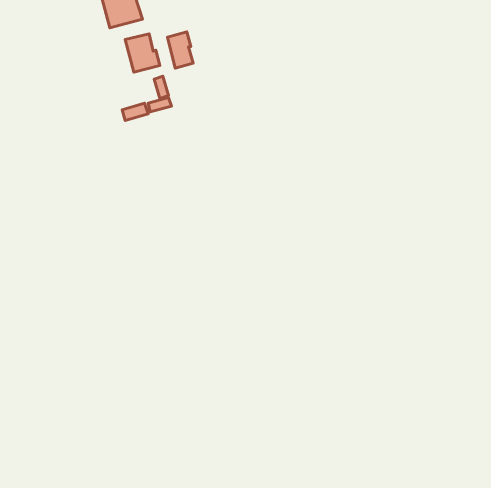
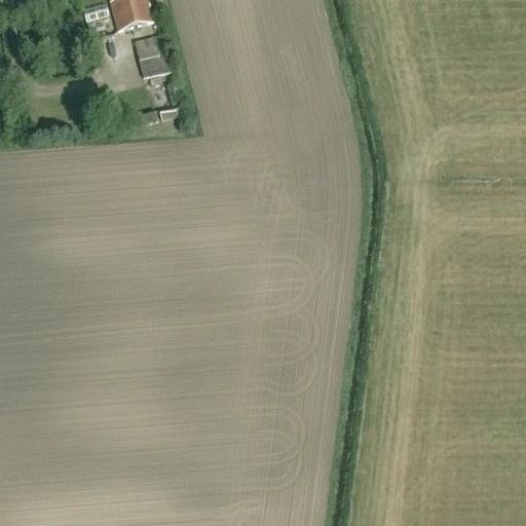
building: [167,32,193,68] -> none

